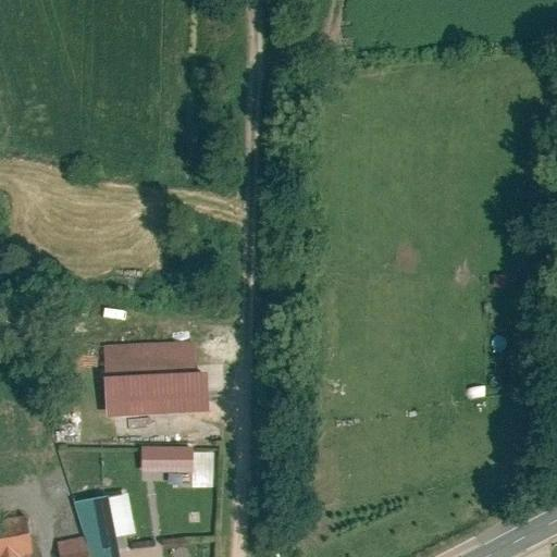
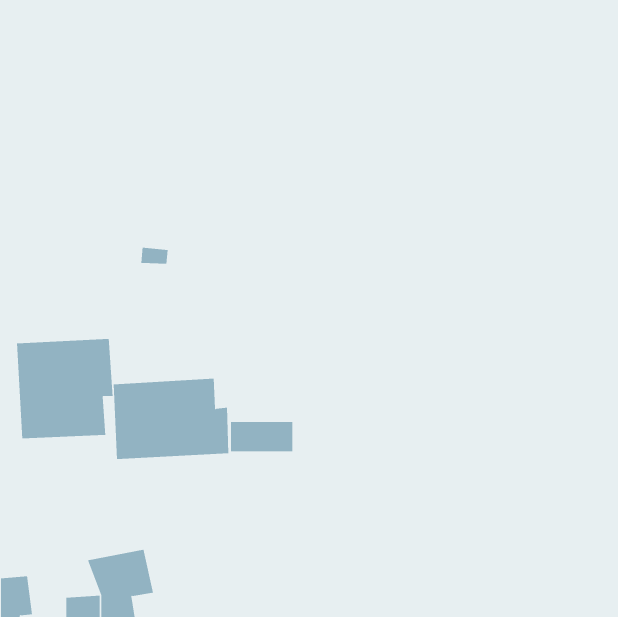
building: none -> [16,338,113,439]
building: [136,449,193,476] -> [230,422,293,452]

